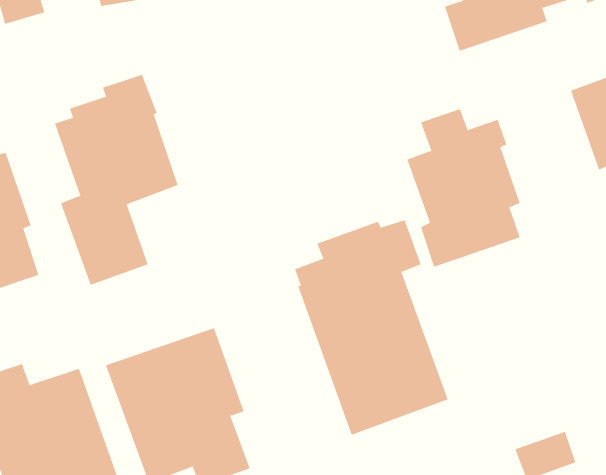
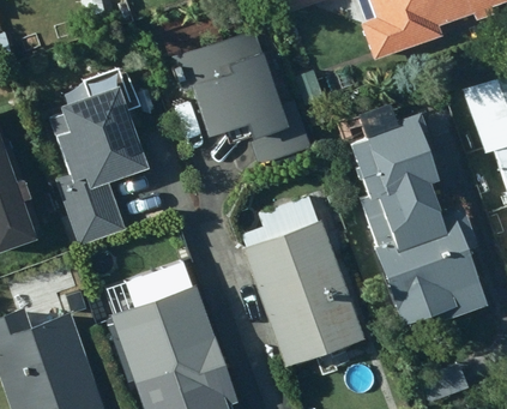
building: none -> [174,30,312,163]
building: none -> [355,200,472,327]

